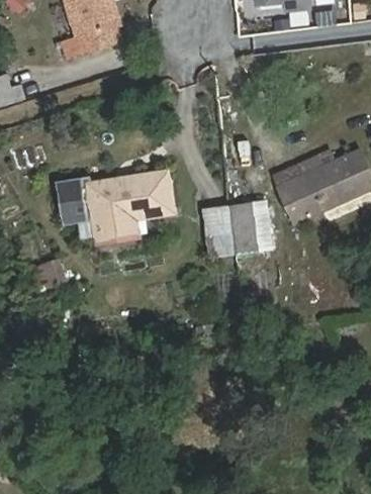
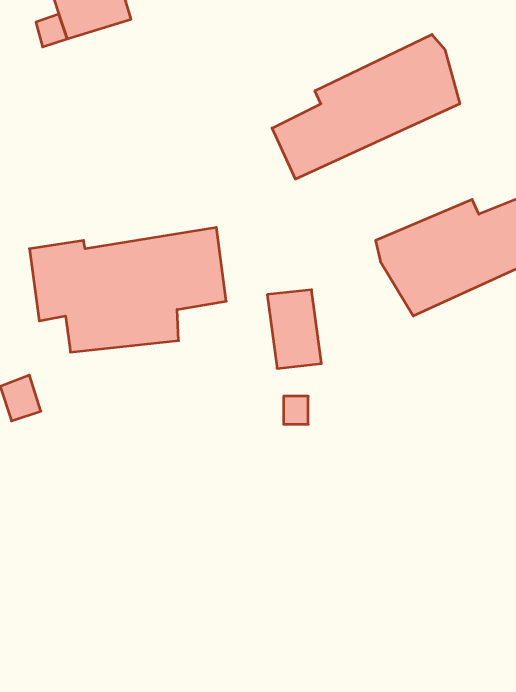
building: none -> [272,34,460,179]
building: [230,202,269,252] -> none

